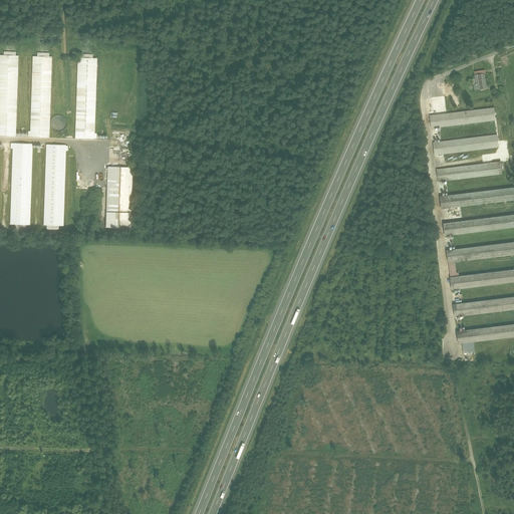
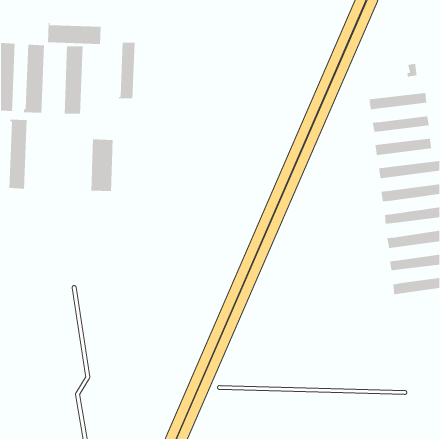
building: none -> [47,22,101,45]
building: none -> [118,42,135,99]
building: [43,140,67,222] -> none

